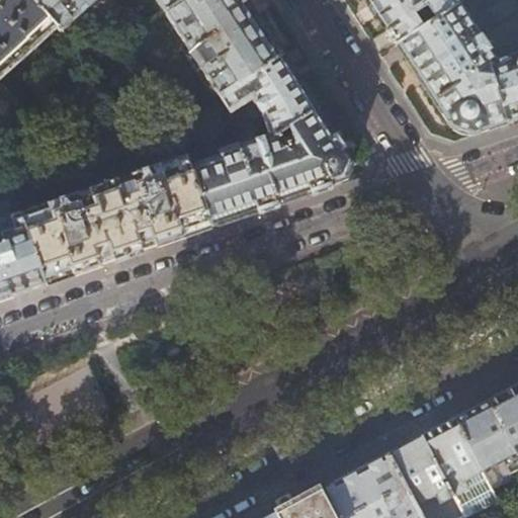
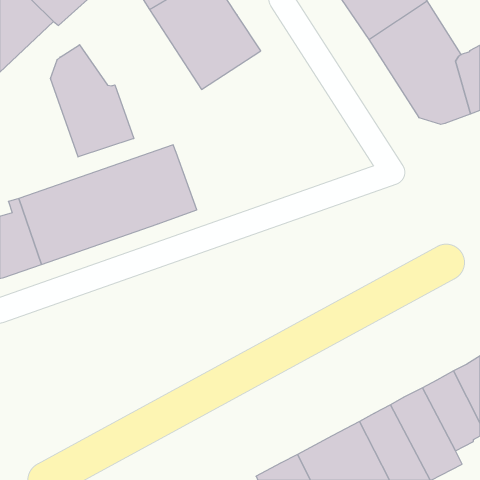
building: none -> [51,45,134,157]
building: [189,55,348,226] -> none

